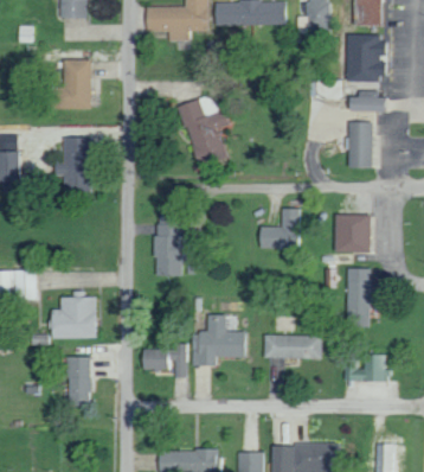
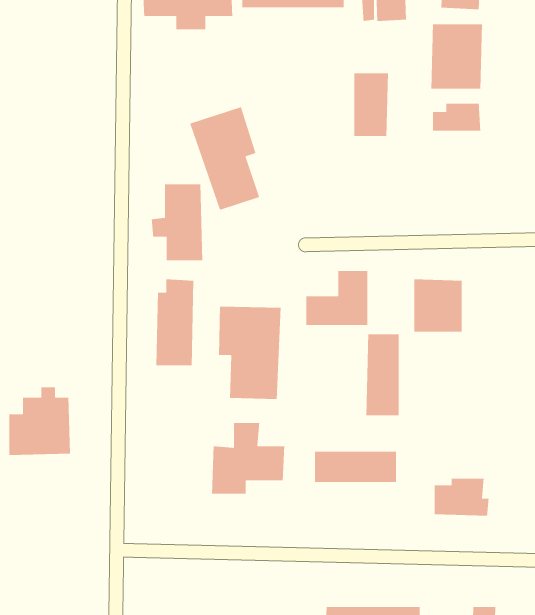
building: [50,60,90,109] -> none
building: [348,122,373,167] -> [354,73,389,137]
building: [53,138,90,192] -> [151,183,203,261]
building: none -> [218,306,282,400]
building: [348,269,372,327] -> [366,333,399,416]
building: [142,344,189,377] -> none
building: [68,358,90,406] -> none

